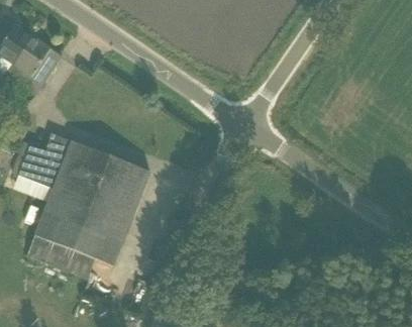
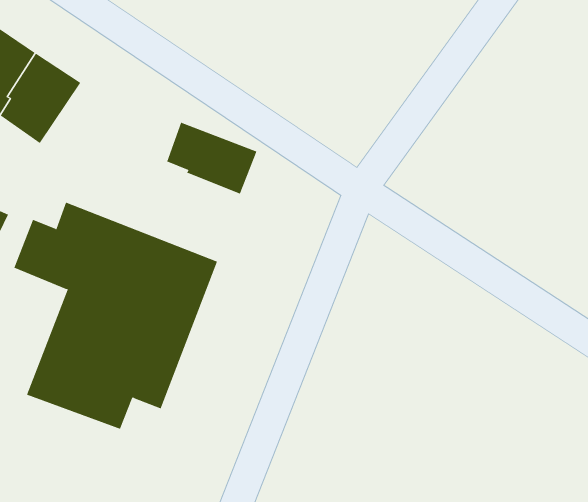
building: none -> [167,122,257,194]

